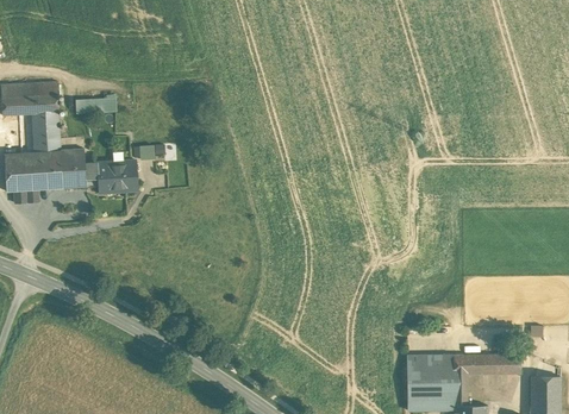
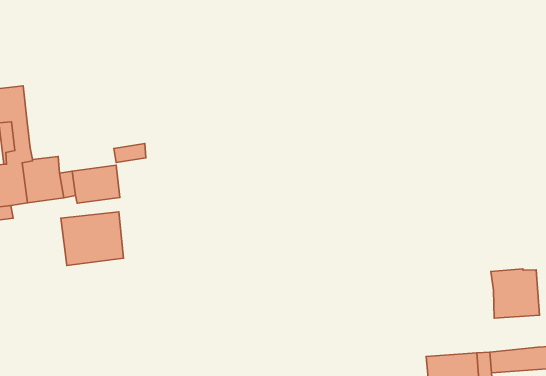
building: [76,94,117,113] -> none
building: none -> [61,212,124,265]
building: none -> [491,269,539,318]

